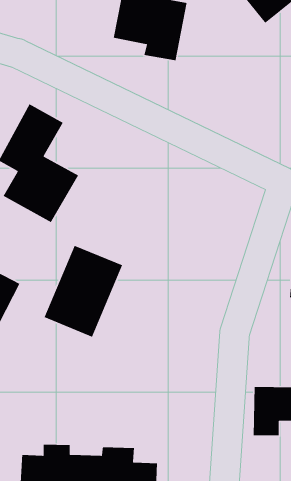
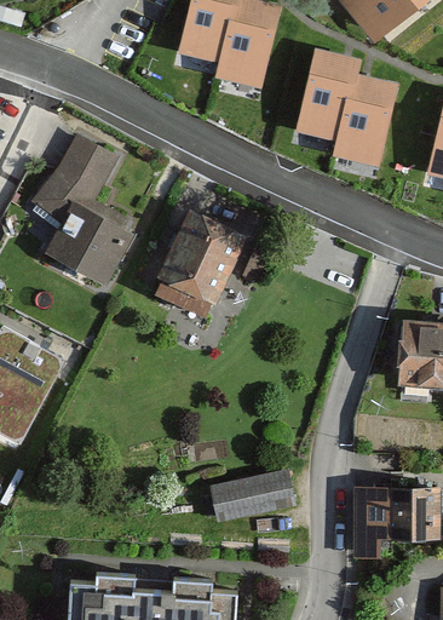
building: none -> [303,57,397,162]
building: [44,245,123,338] -> [146,201,247,318]
building: none -> [211,467,294,523]

